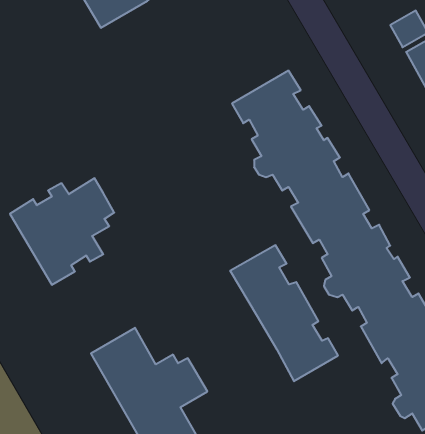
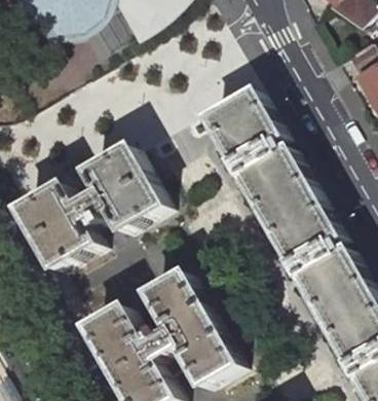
building: none -> [90,148,167,233]
building: [230,245,338,381] -> [151,275,241,389]

